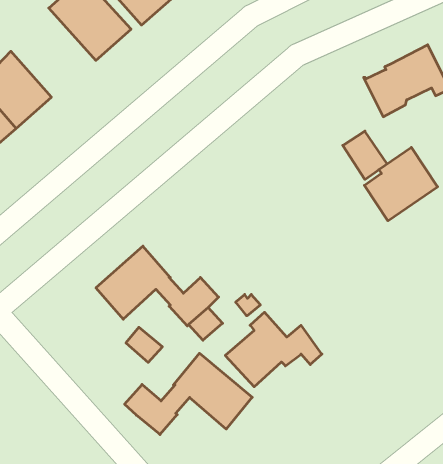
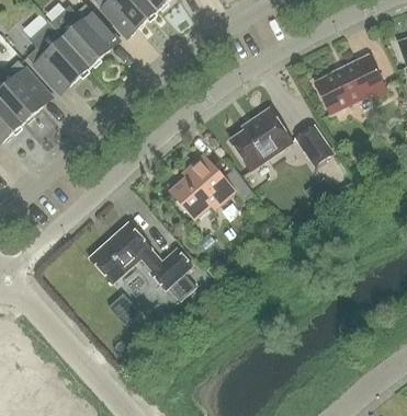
building: none -> [26,22,89,93]
building: [364,147,438,221] -> [230,108,292,170]
building: [225,312,322,387] -> [170,155,251,218]
building: [125,353,252,435] -> none

